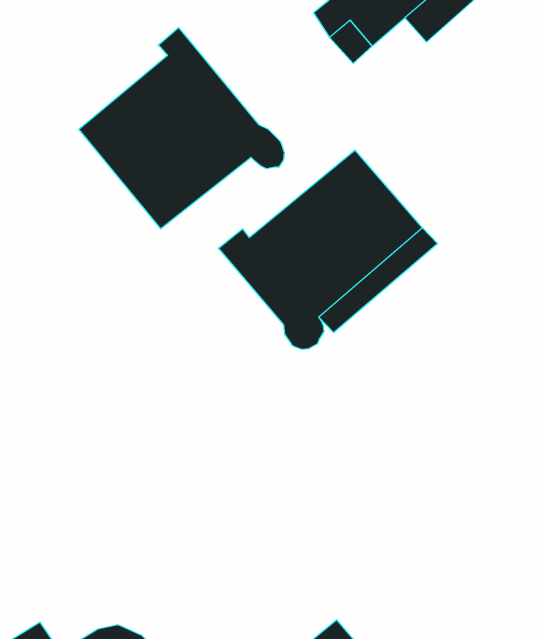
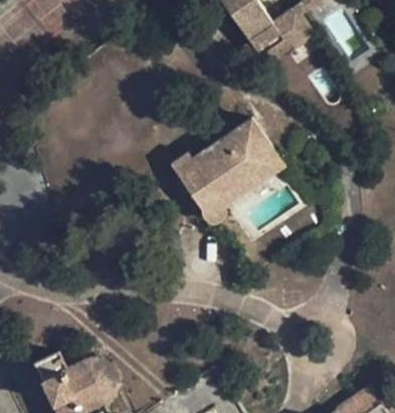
building: [79,28,284,229] -> none

